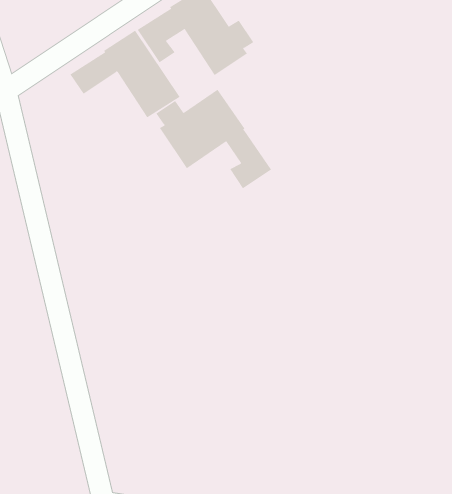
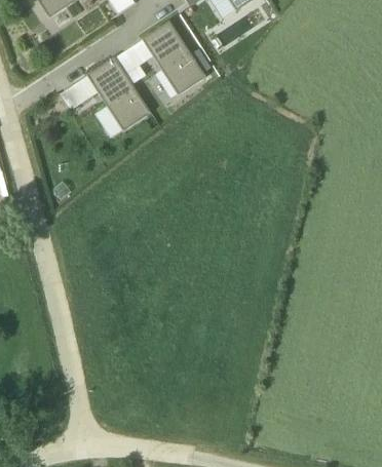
building: [156,89,272,189] -> none

